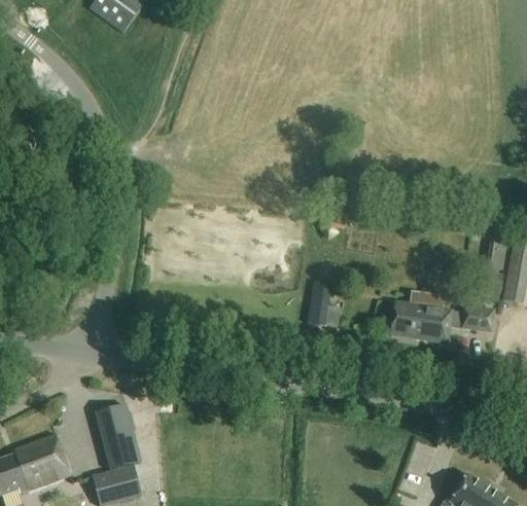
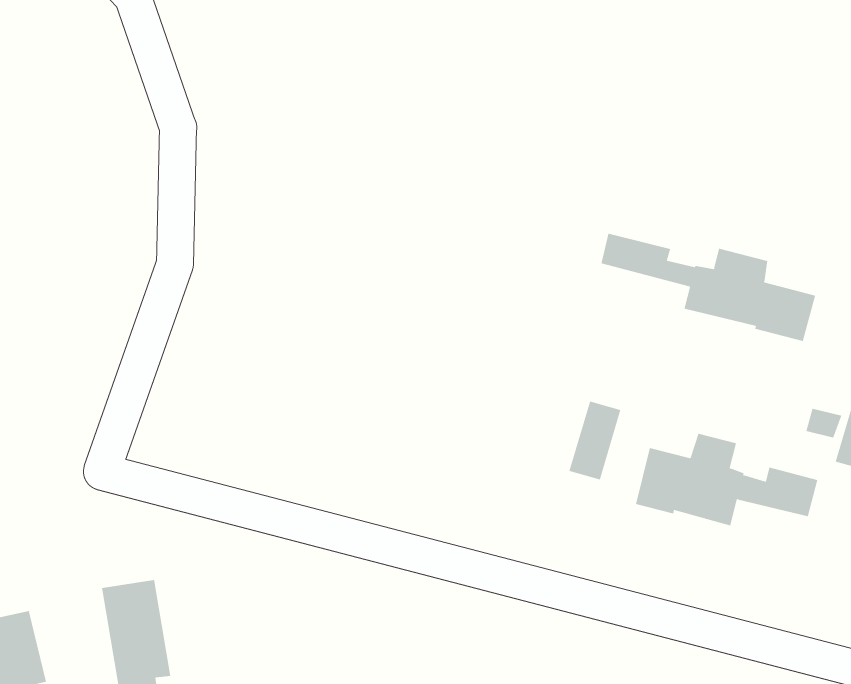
building: none -> [601,233,816,342]
building: [306,283,331,327] -> [569,401,621,480]

